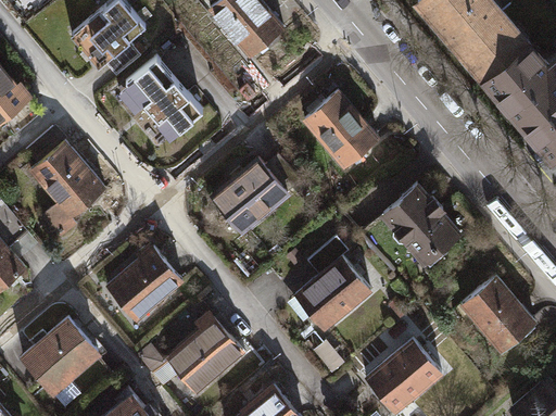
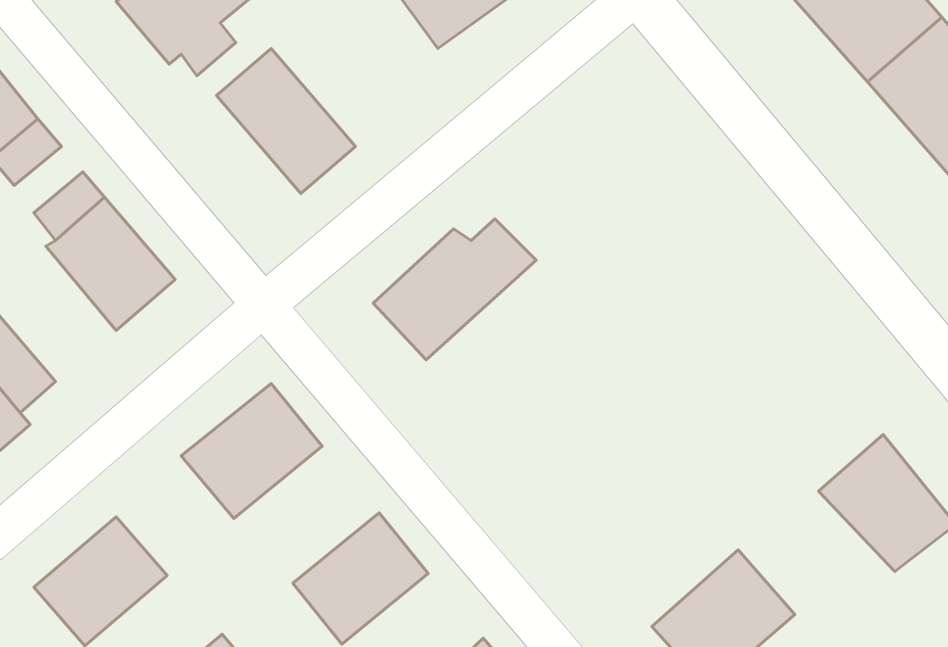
building: [303,92,377,168] -> none
building: [383,186,457,262] -> none
building: [293,237,370,330] -> none

